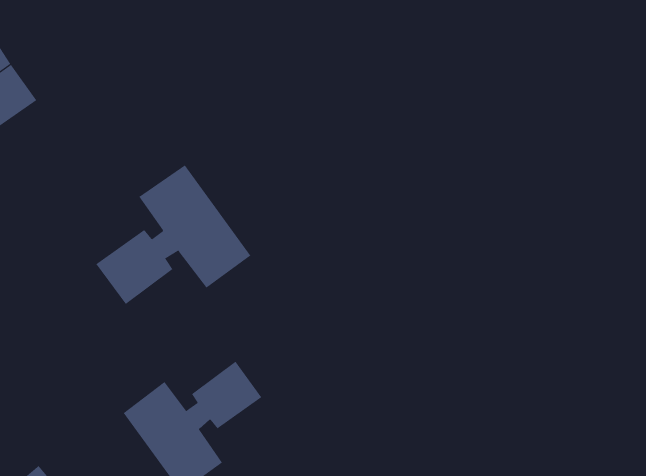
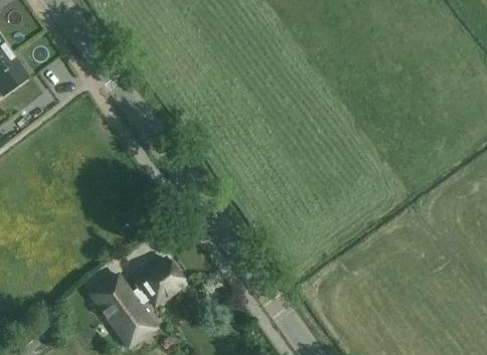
building: [96,164,251,305] -> none

